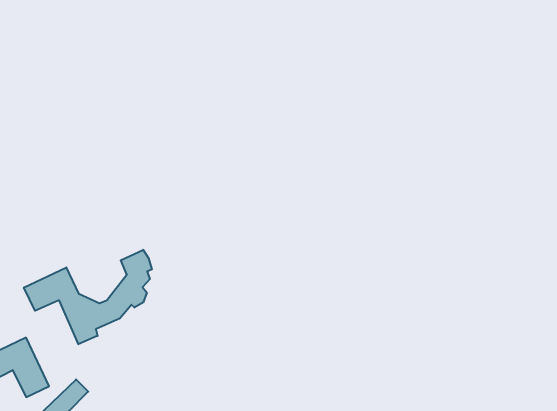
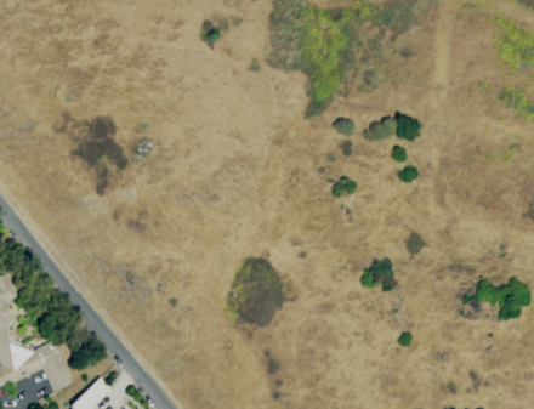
building: [24,250,152,344] -> none

